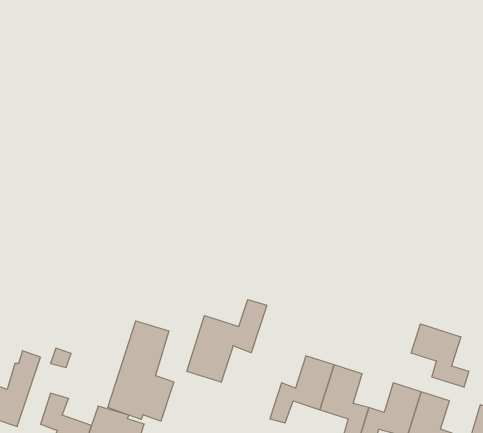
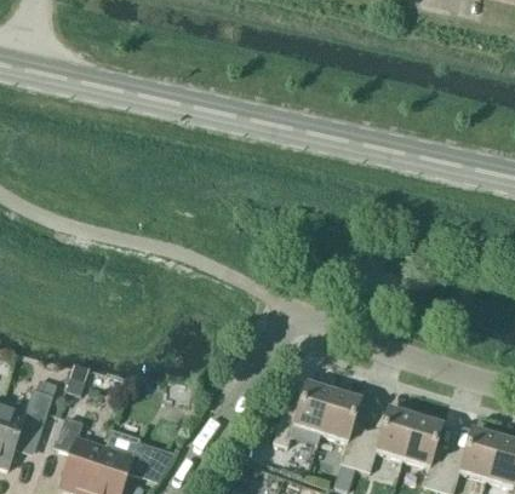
building: [187,300,267,382] -> none
building: [108,321,174,421] -> none
building: [411,324,469,387] -> none

